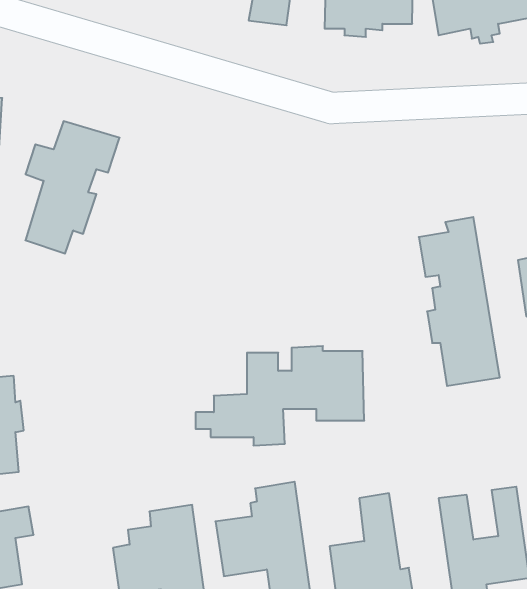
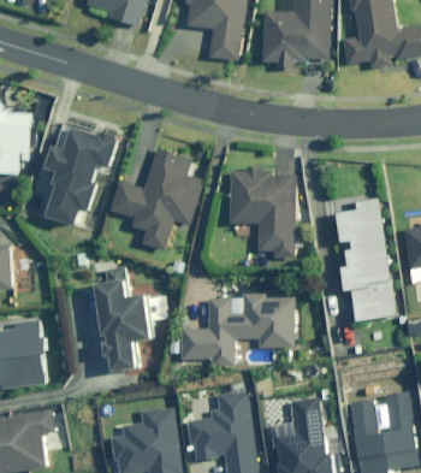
building: none -> [112,149,202,249]
building: none -> [232,165,295,258]
building: none -> [93,279,160,371]

